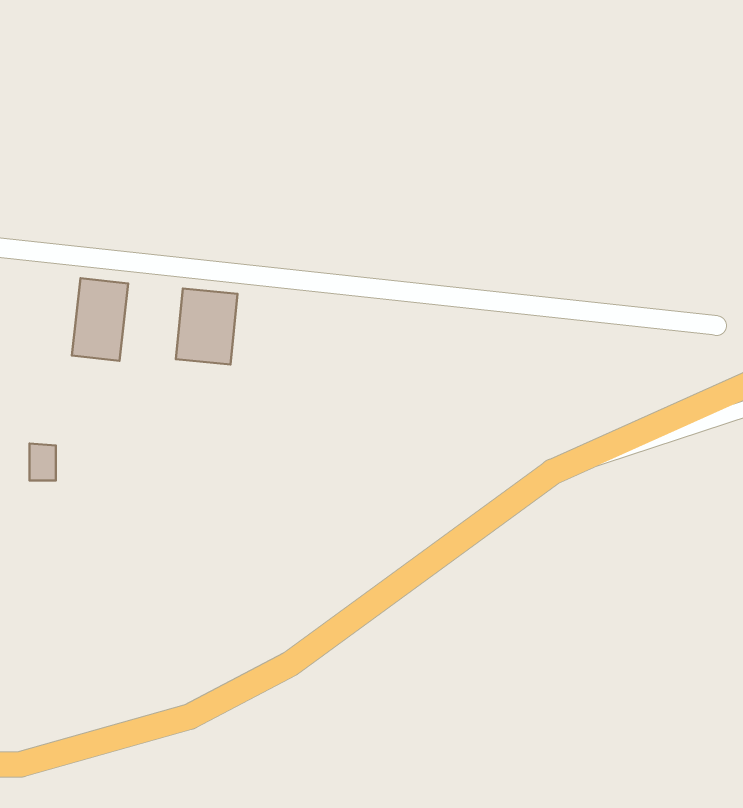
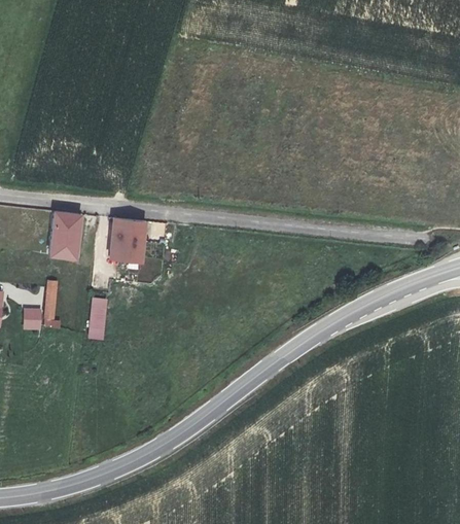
building: none -> [43,280,60,326]
building: none -> [89,298,107,339]

